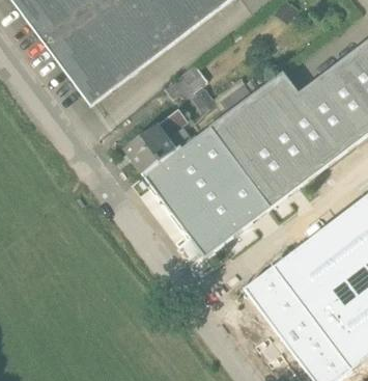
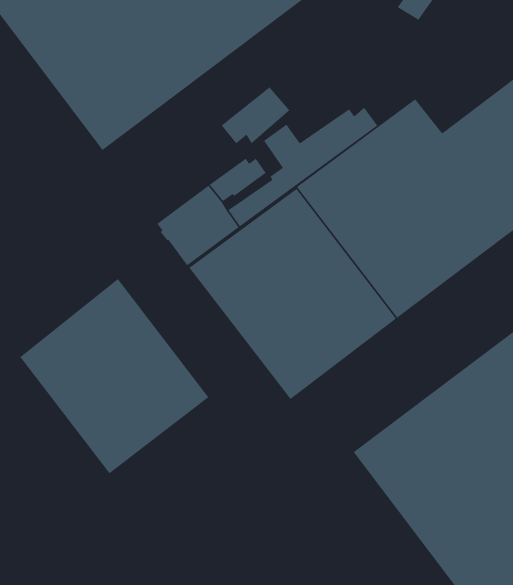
building: none -> [19,278,209,474]

